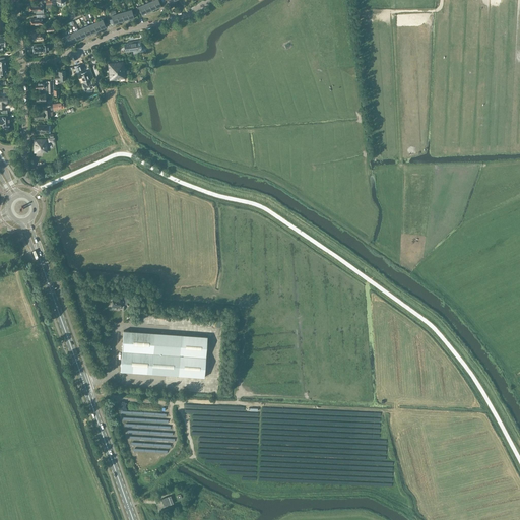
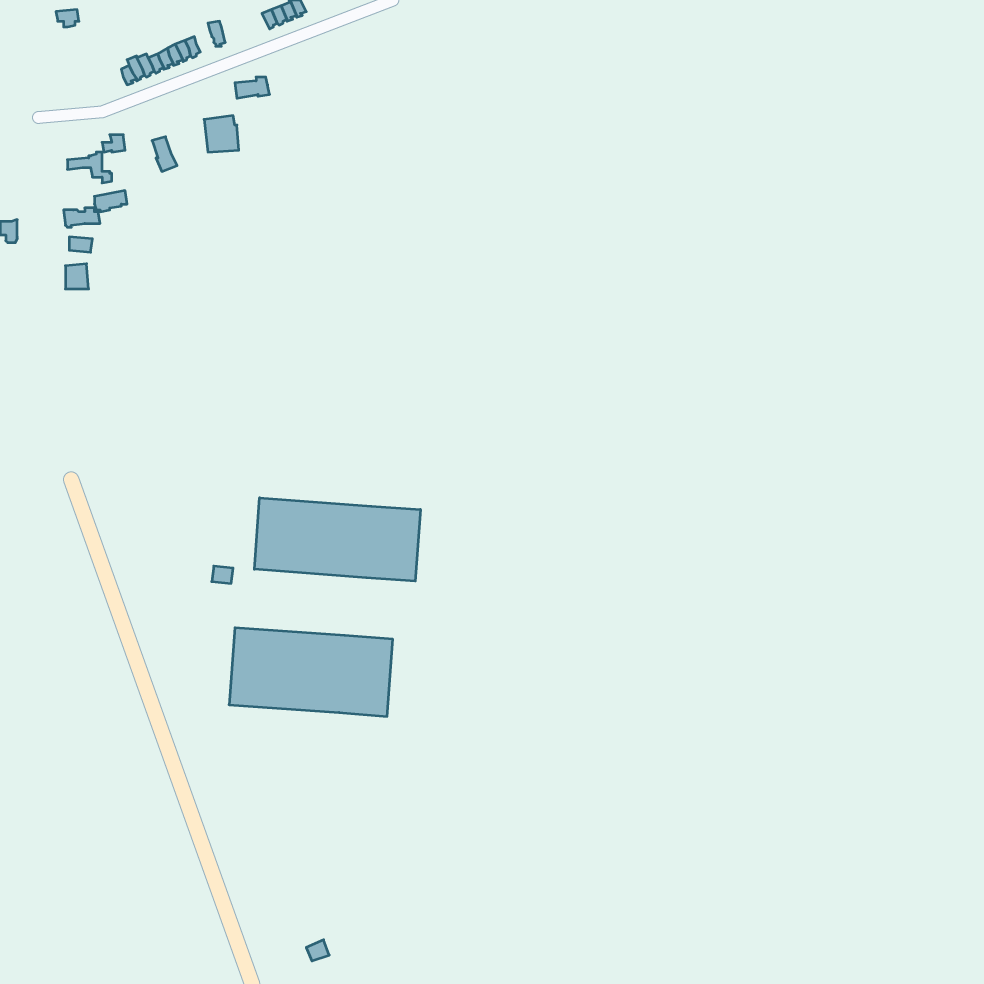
building: none -> [254,498,420,581]

